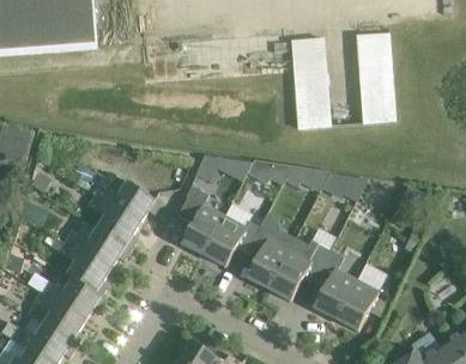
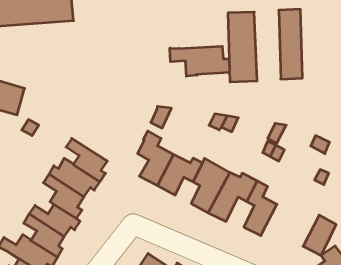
building: none -> [170,46,230,76]
building: [95,171,161,224] -> none
building: [335,279,377,330] -> [303,215,336,256]

